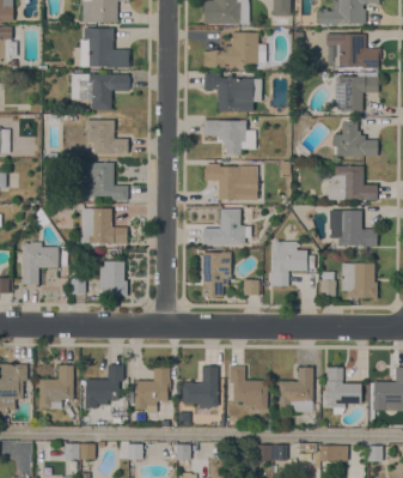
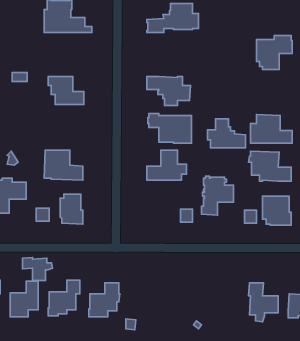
building: [328,34,380,68] -> none
building: [204,73,262,111] -> none
building: [71,74,128,110] -> none
building: [332,121,378,156] -> [207,119,245,148]
building: [79,162,128,200] -> none
building: [202,252,231,297] -> none
building: none -> [22,257,52,280]
building: [230,365,268,410] -> none
building: [182,367,218,409] -> none
building: [279,368,313,412] -> none

